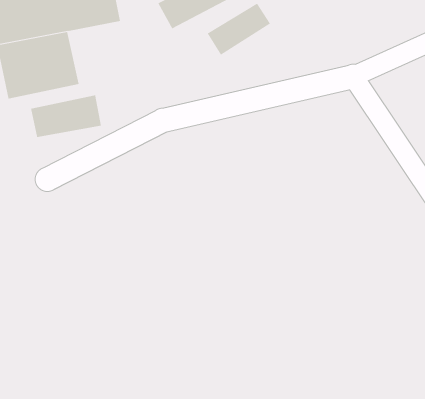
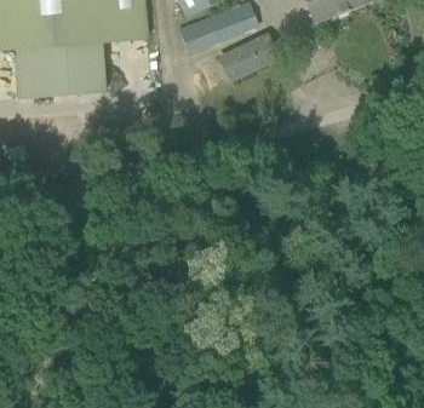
building: [31,94,102,138] -> none

